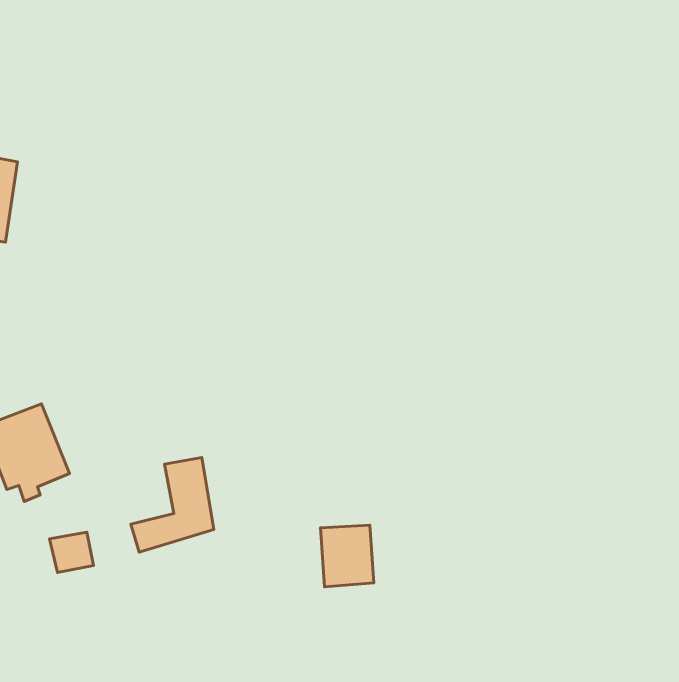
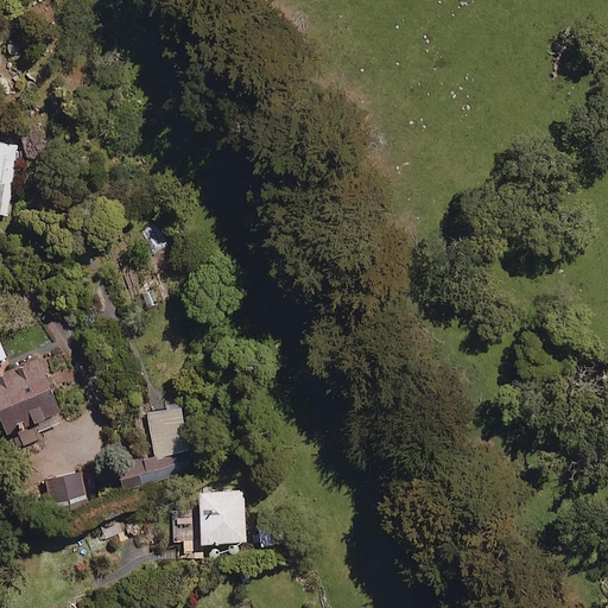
building: [320,525,374,587] -> [197,489,245,544]

